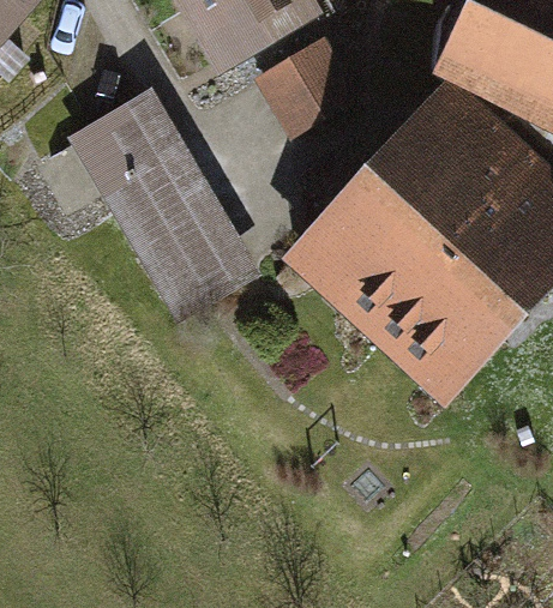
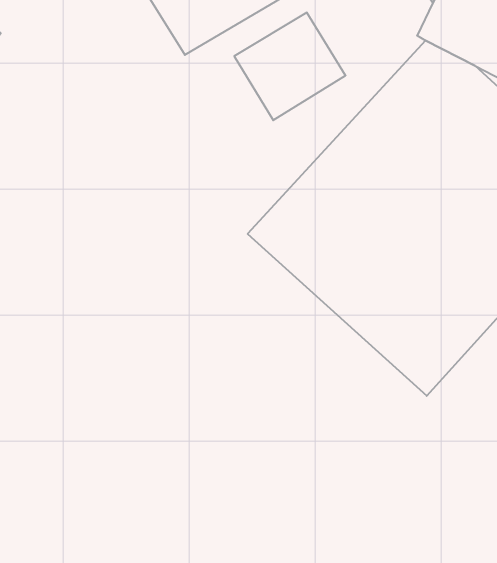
building: [72,91,260,325] -> none

